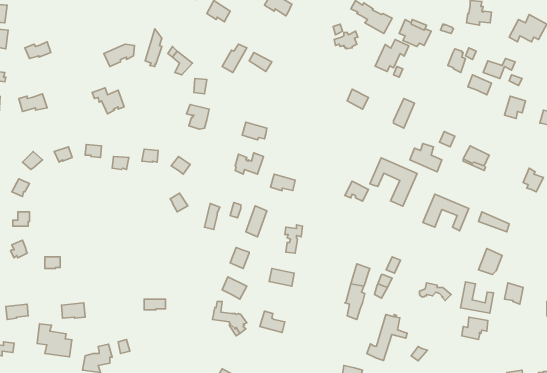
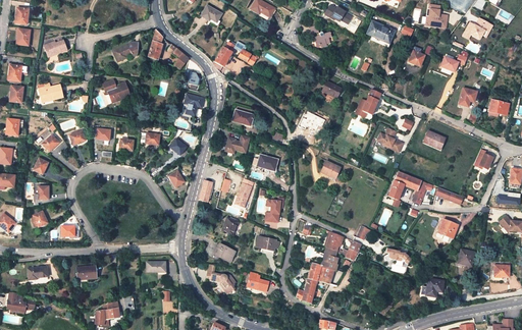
building: [375,39,409,72] -> none
building: [370,158,417,206] -> none
building: [461,282,494,313] -> none
building: [367,314,407,360] -> [296,263,330,302]
building: [37,324,72,357] -> none

